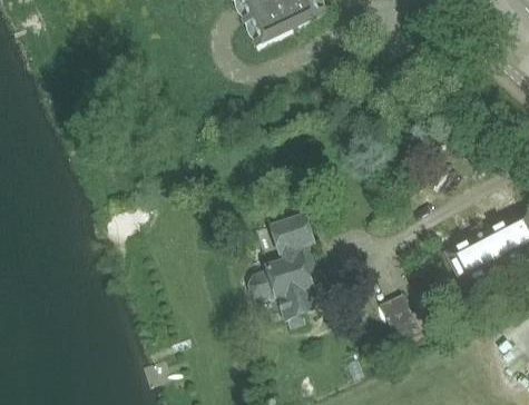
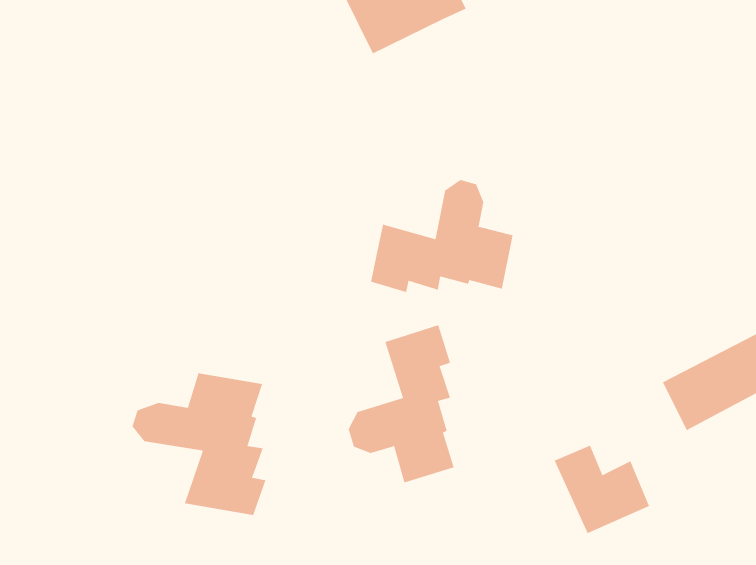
building: none -> [371,179,513,293]
building: none -> [132,373,266,516]

